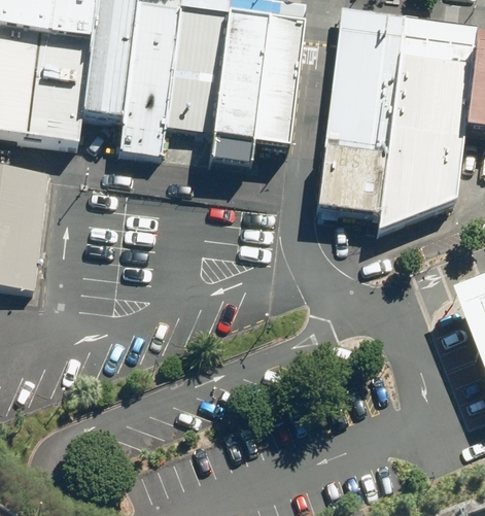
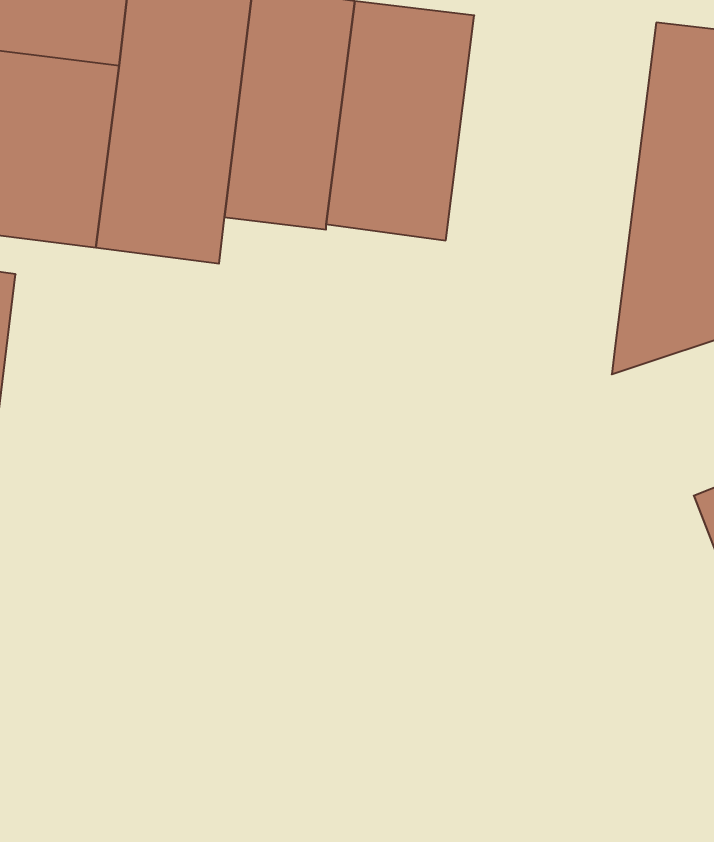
building: [321,14,410,209] -> none

